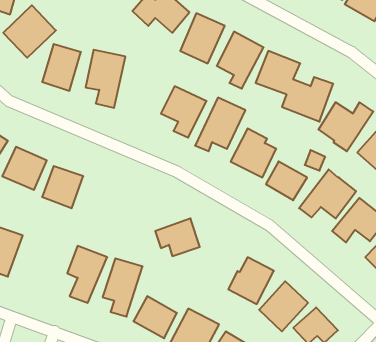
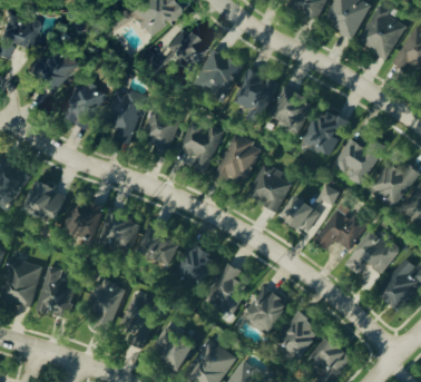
building: none -> [141,114,179,155]
building: none -> [97,210,141,256]
building: none -> [137,228,182,272]
building: none -> [206,263,248,315]
building: none -> [36,266,77,317]

